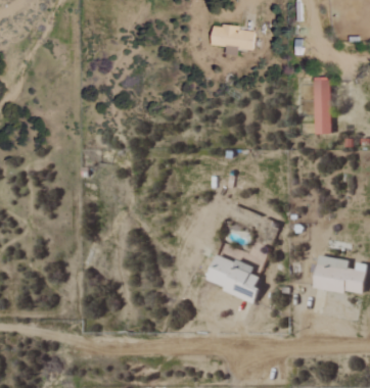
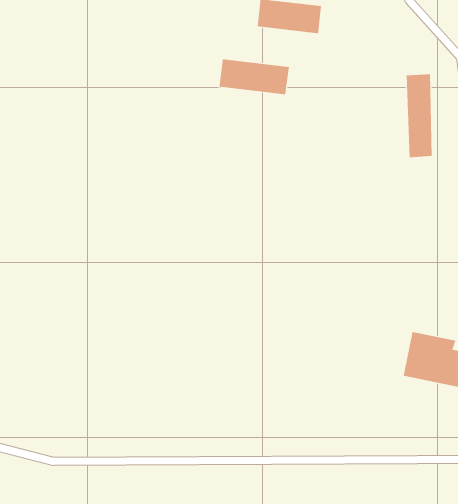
building: none -> [219,58,289,95]
building: [205,253,257,301] -> none

